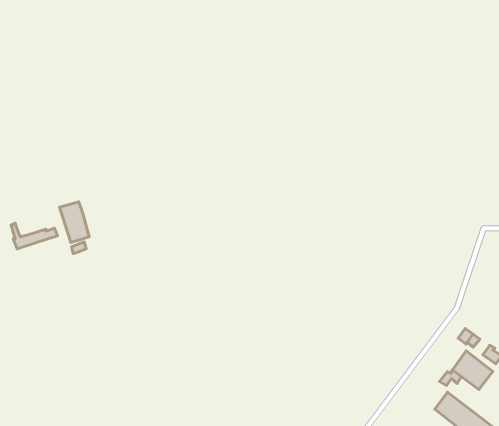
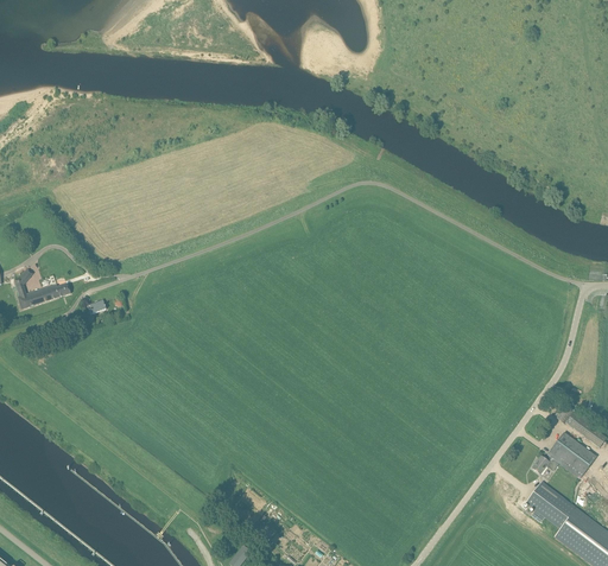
building: [60,202,89,243] -> none

